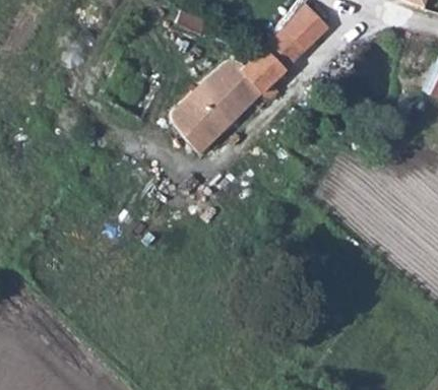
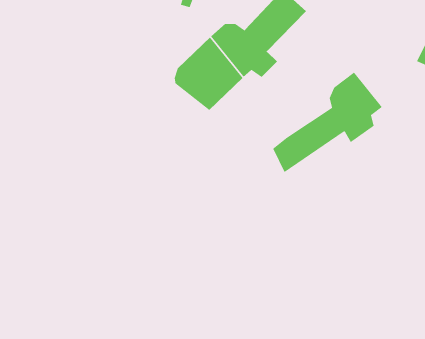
building: none -> [272,71,383,173]

